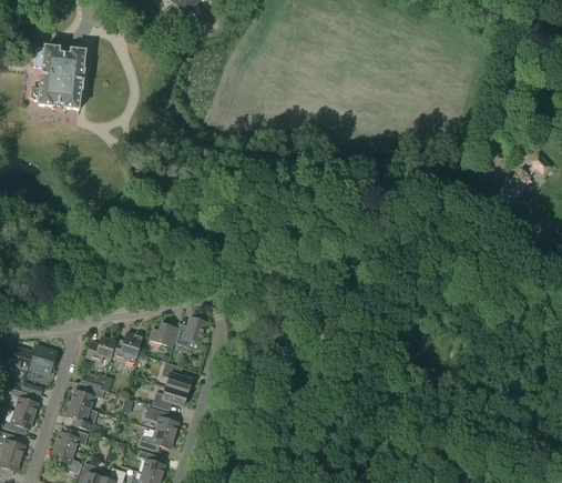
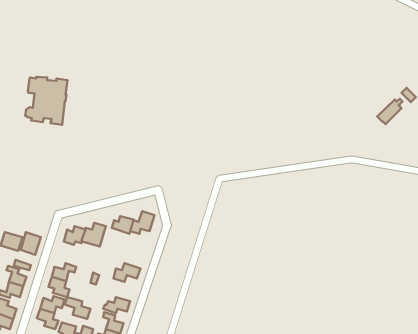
building: [30,47,85,110] -> [25,77,67,125]
building: [161,362,192,392] -> none
building: [144,406,178,435] -> [65,297,91,319]

